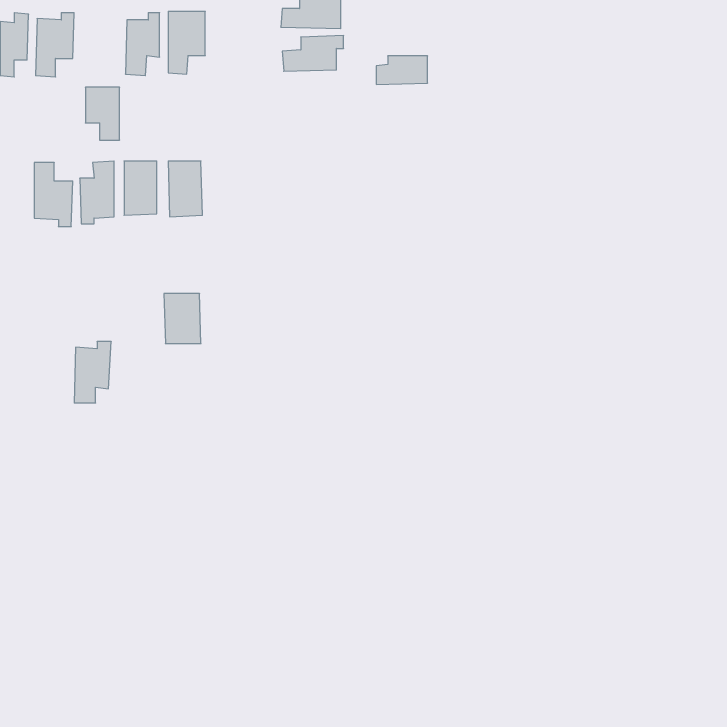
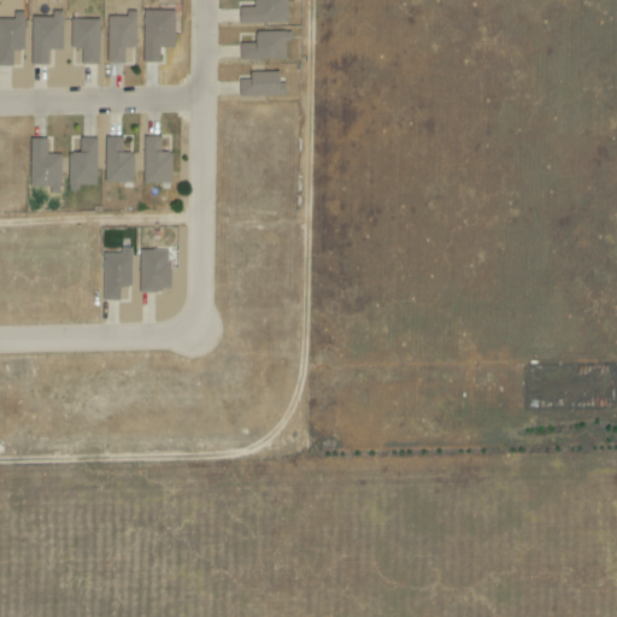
building: [376,56,428,84] -> [240,71,283,95]
building: [85,87,120,140] -> [71,19,100,64]
building: [74,342,111,403] -> [102,247,134,299]

